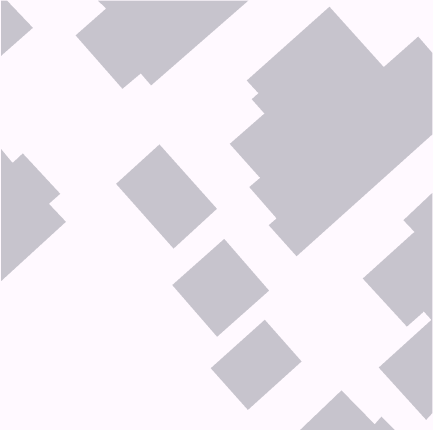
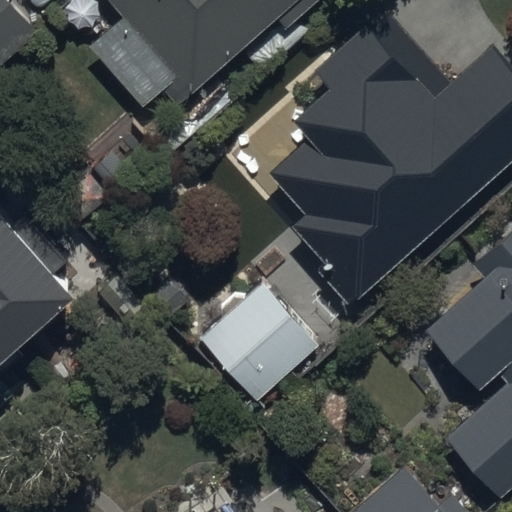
building: [115,143,218,249] -> none
building: [210,319,303,411] -> none

